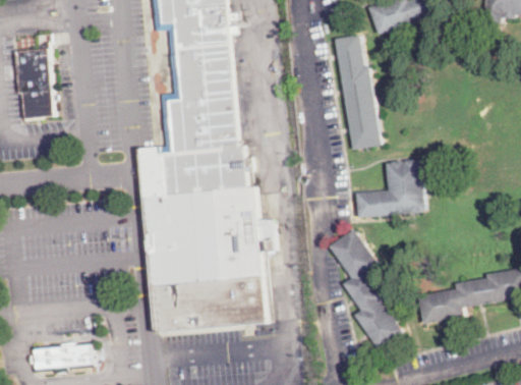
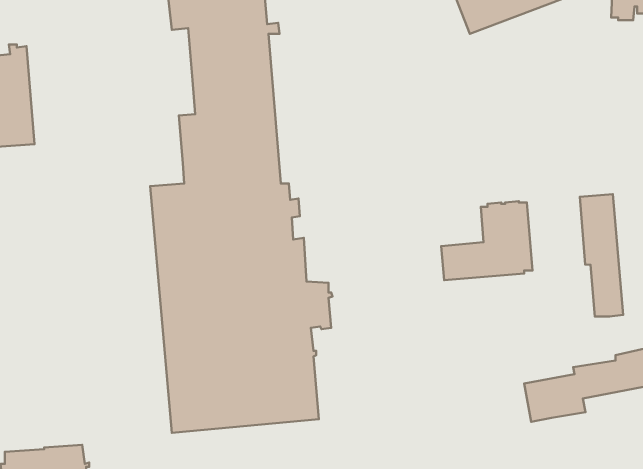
building: [335,35,382,149] -> none
building: none -> [580,194,623,316]
building: [330,229,404,349] -> none

